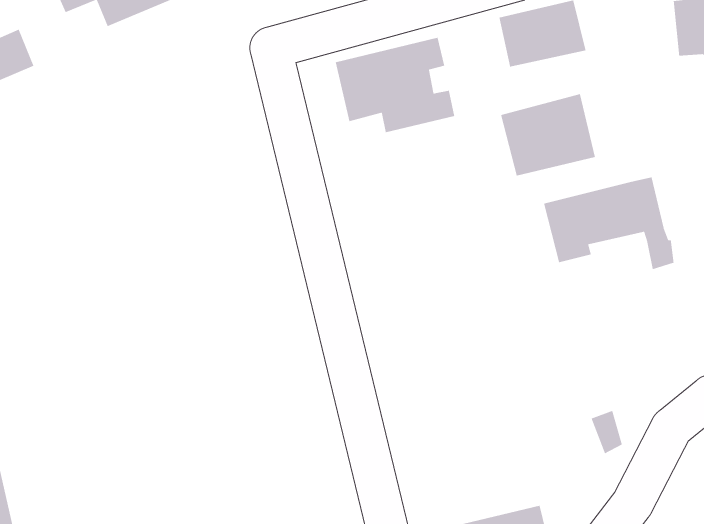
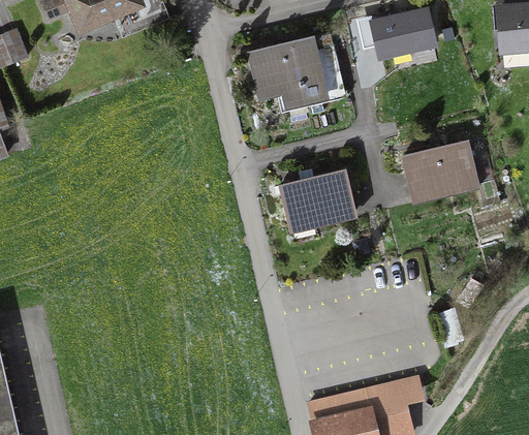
building: [500,93,596,177] -> none
building: none -> [280,173,353,232]

